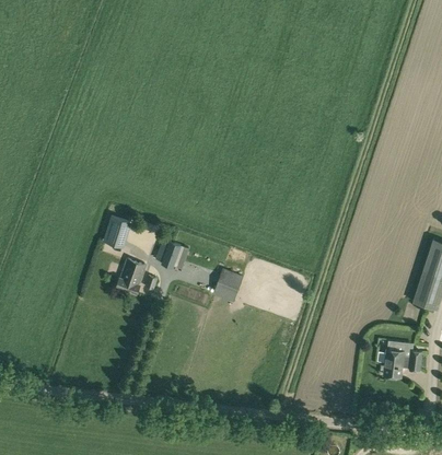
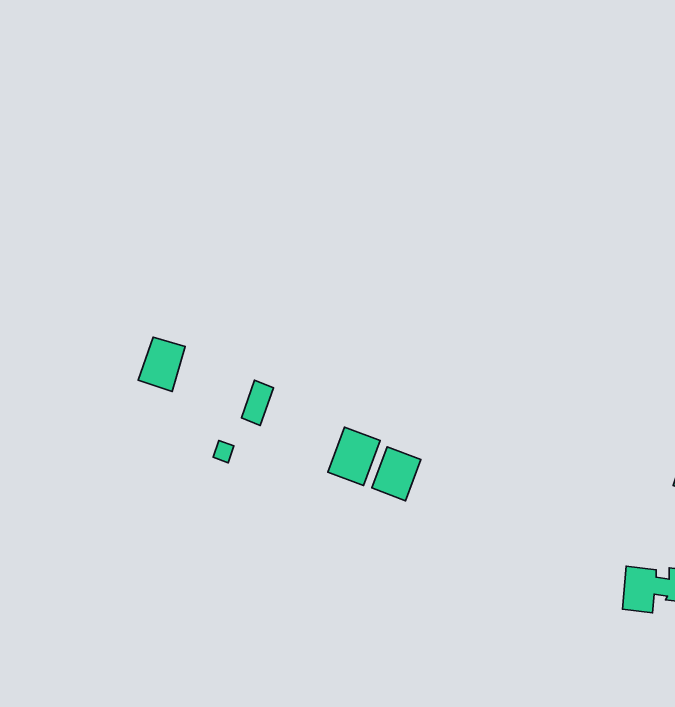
building: [118,259,148,294] -> none
building: none -> [372,447,421,501]

